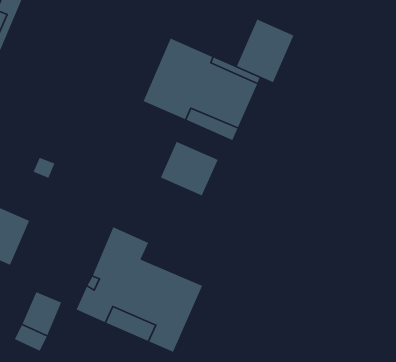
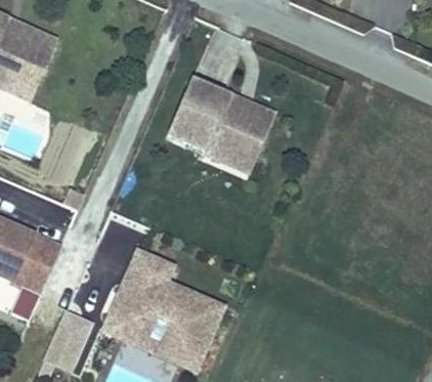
building: [236,18,294,83] -> none
building: [160,141,219,196] -> none

